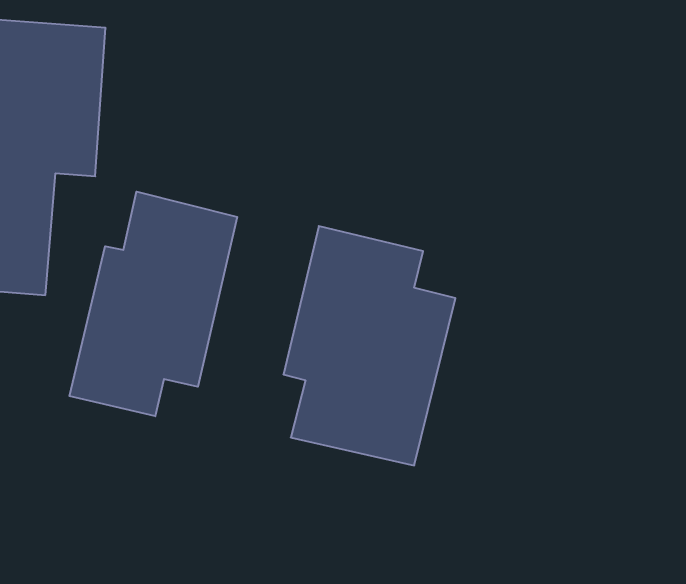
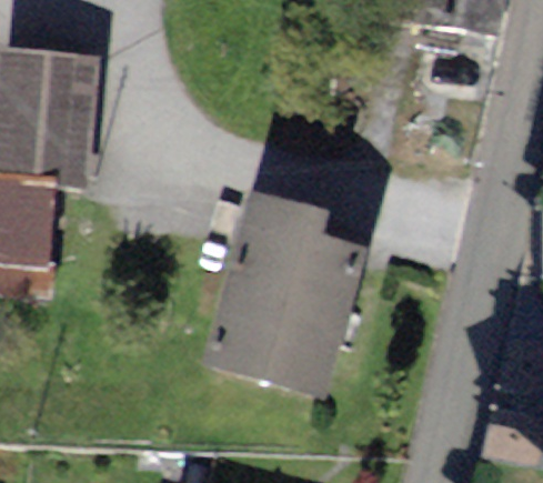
building: [69,192,237,416] -> none

